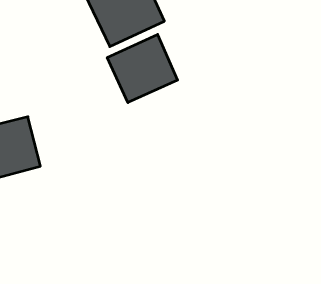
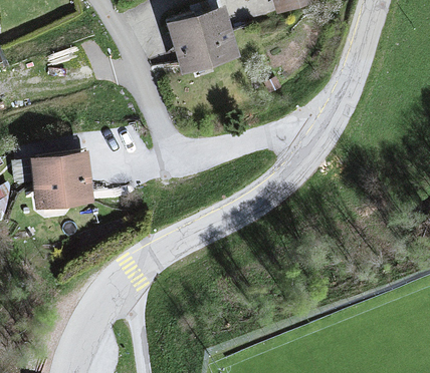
building: [107,34,178,103] -> none

